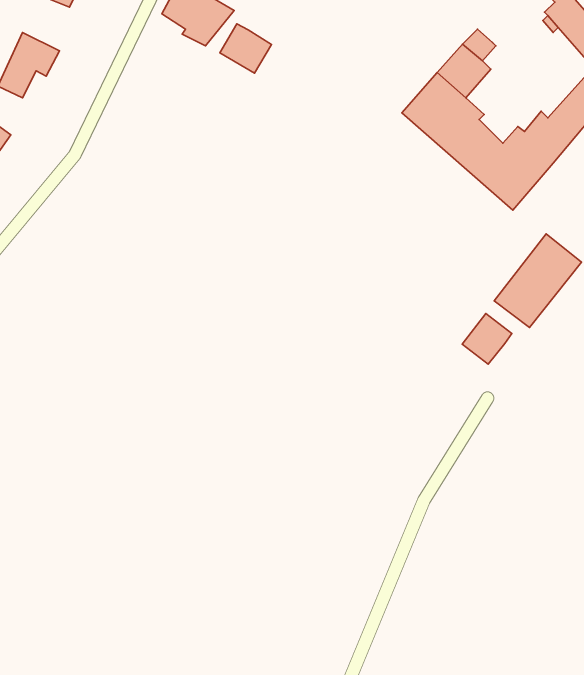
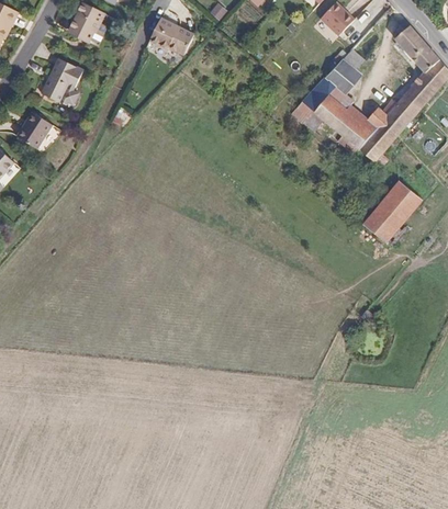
building: [220,24,272,73] -> none
building: [462,314,512,364] -> none

